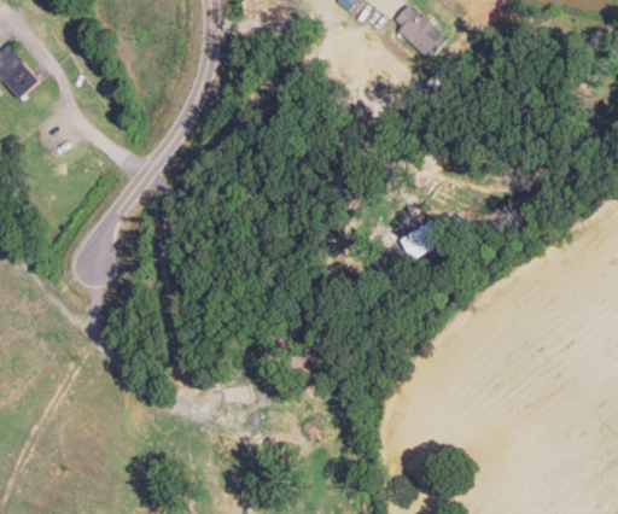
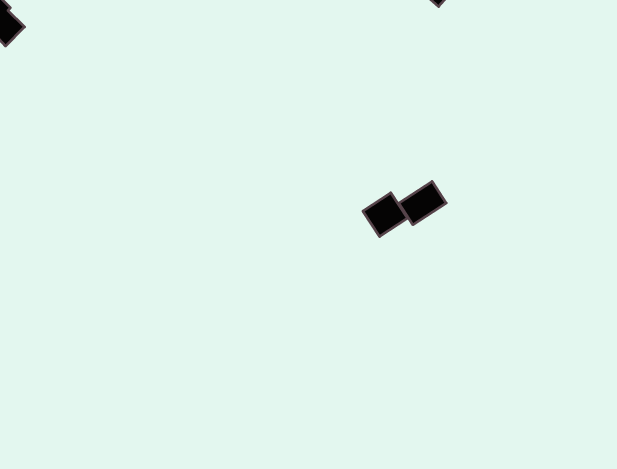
building: none -> [363,193,407,237]

